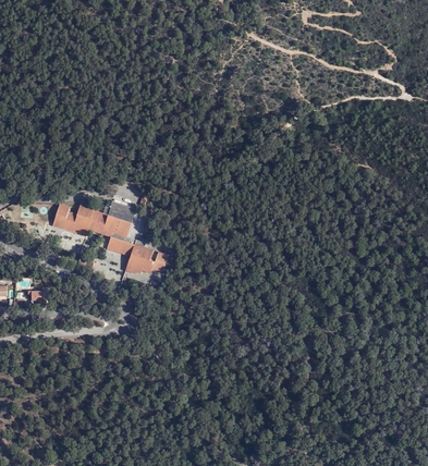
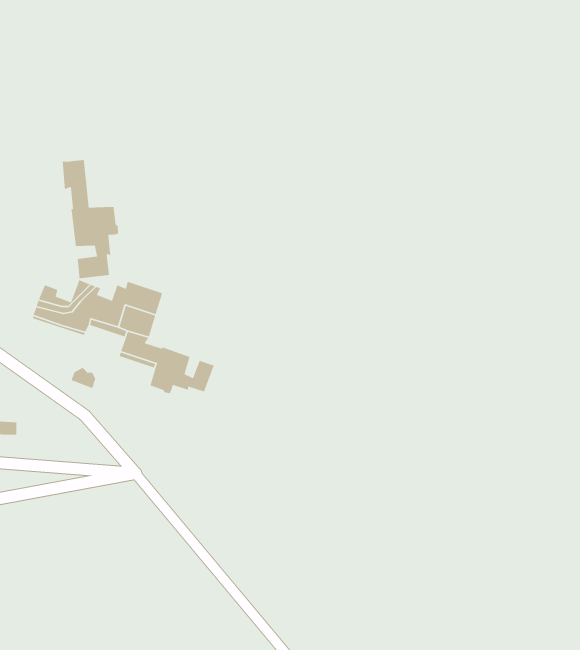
building: none -> [62,159,119,279]

